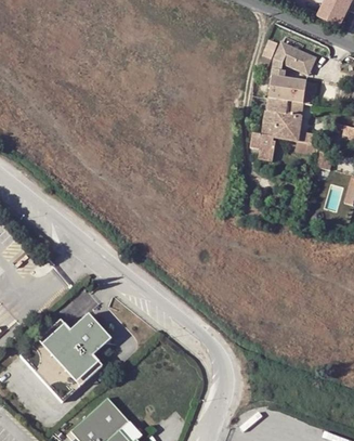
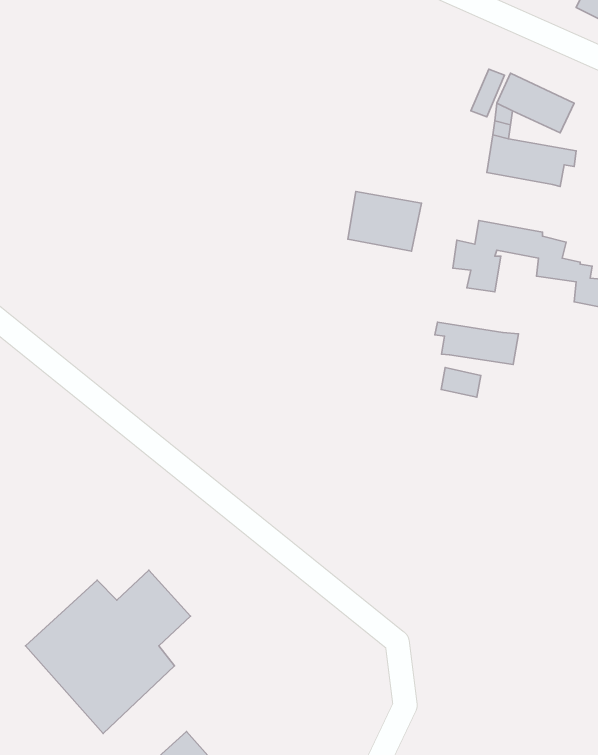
building: [265,96,305,129] -> [348,191,422,251]
building: none -> [435,322,519,364]

